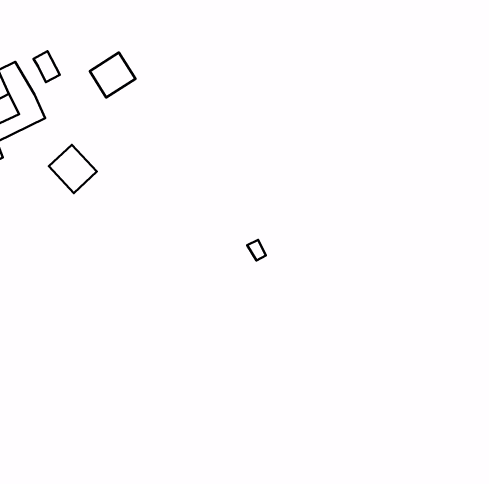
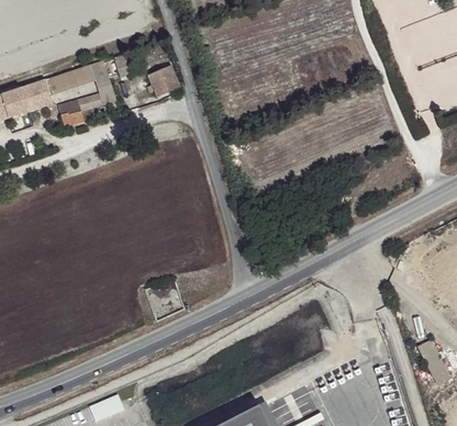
building: [49,145,97,193] -> none

